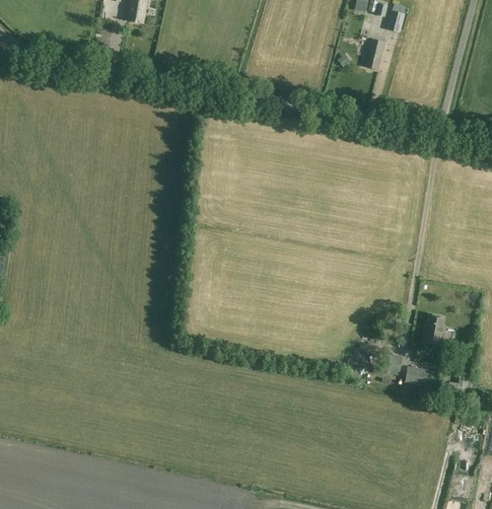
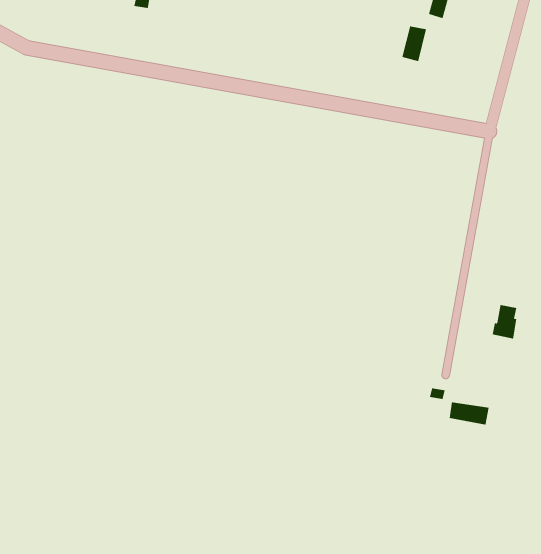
building: [421,312,443,343] -> [492,304,517,339]

